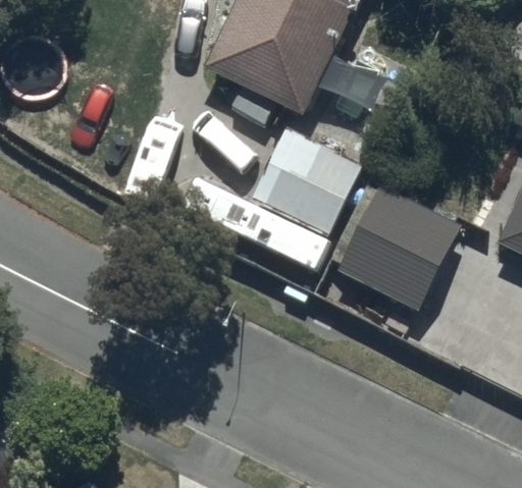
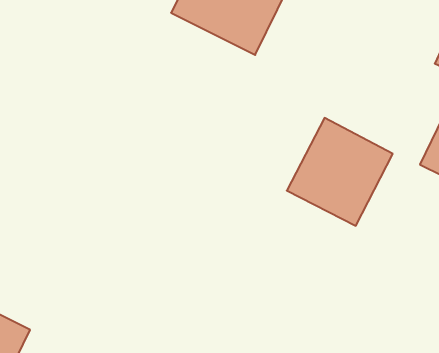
building: [250,121,362,237] -> none

